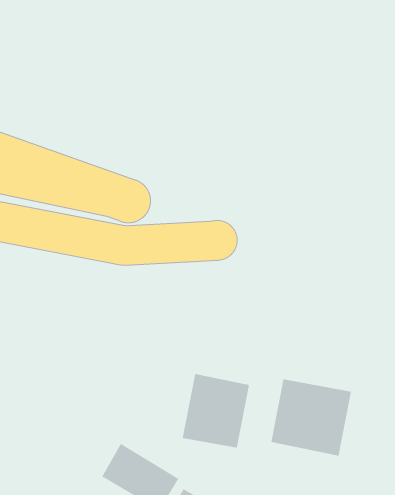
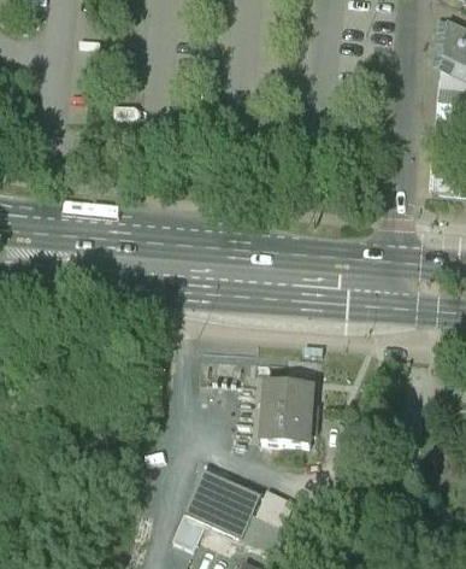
building: [271,379,351,456] -> none

